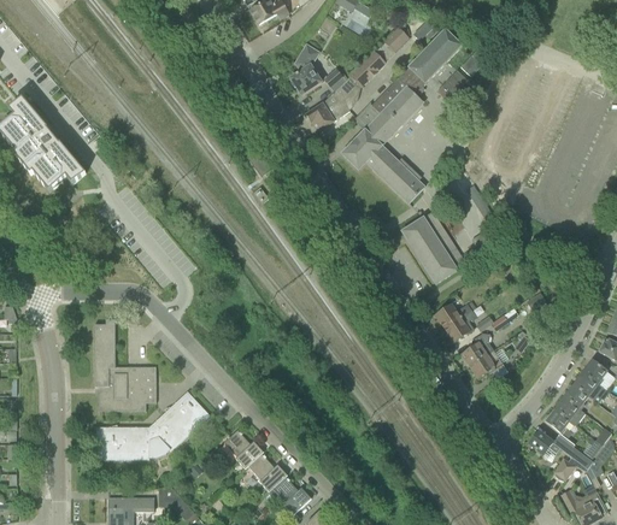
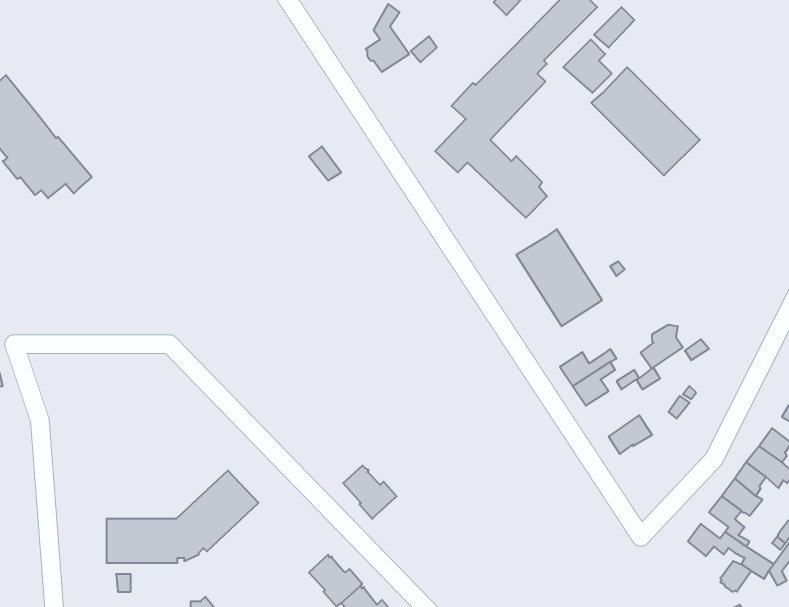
building: [306,51,386,131] -> none
building: none -> [591,67,700,176]
building: [94,318,155,411] -> none
building: [462,332,493,365] -> [641,325,683,369]
building: [223,429,263,468] -> [343,465,397,519]

